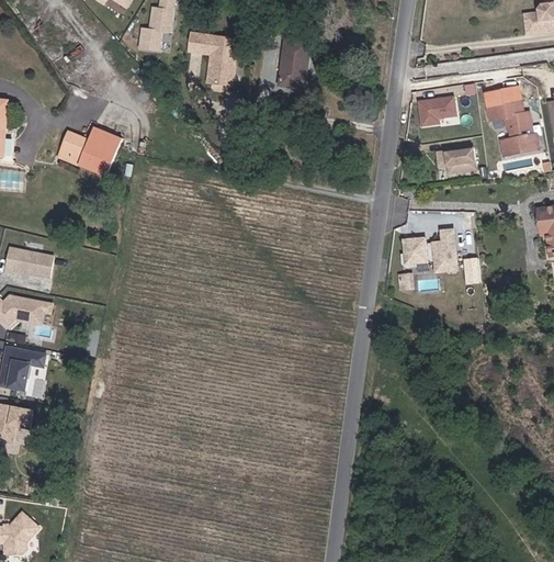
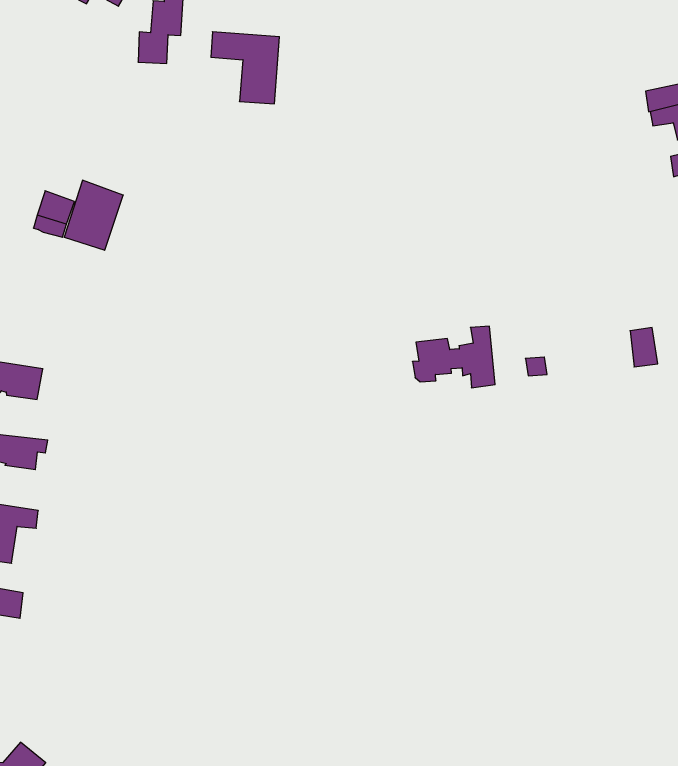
building: [278,40,307,89] -> none
building: [419,97,457,125] -> none
building: [437,148,477,173] -> none
building: [395,229,451,271] -> [412,326,495,388]

